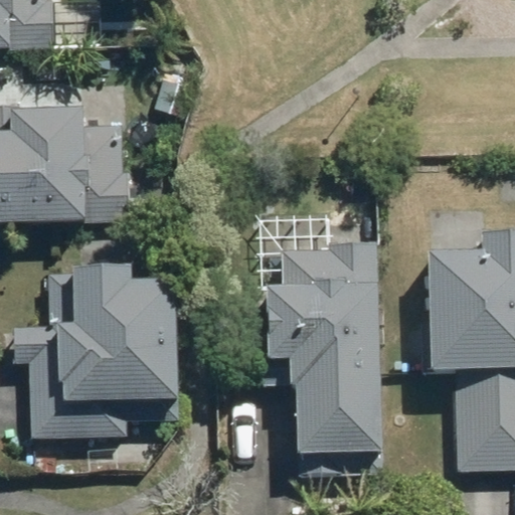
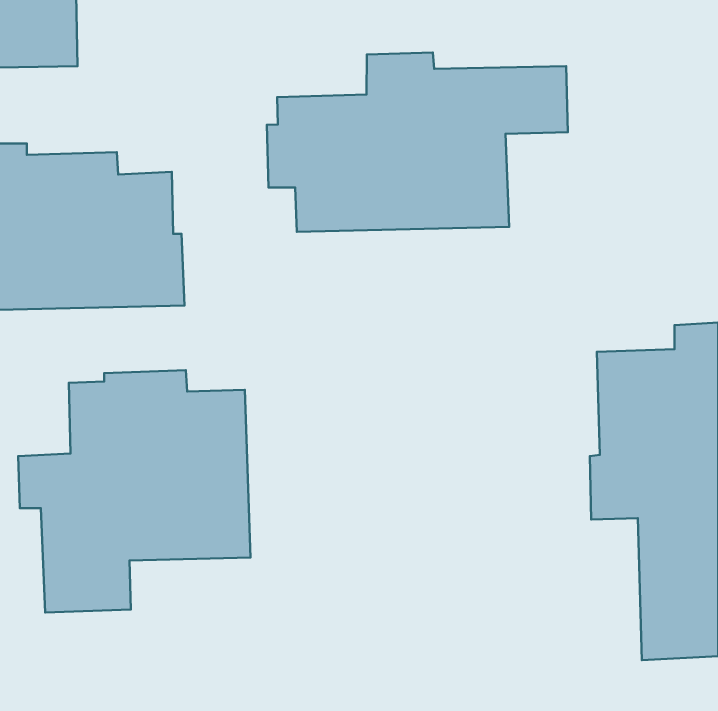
building: none -> [267,53,568,232]
building: [268,241,383,454] -> none

